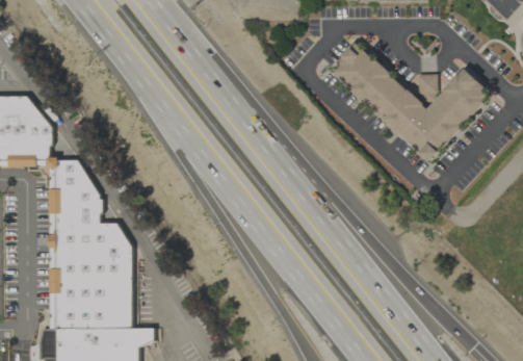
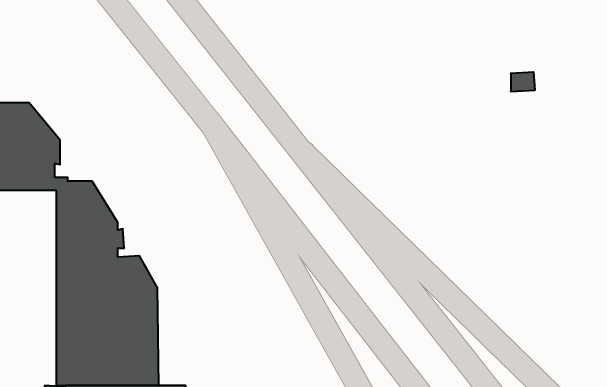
building: [331,42,488,161] -> none

